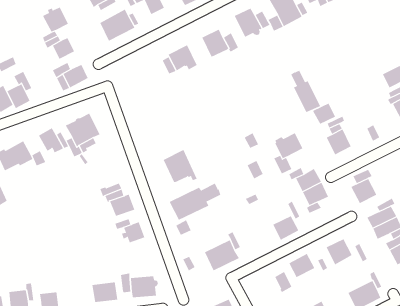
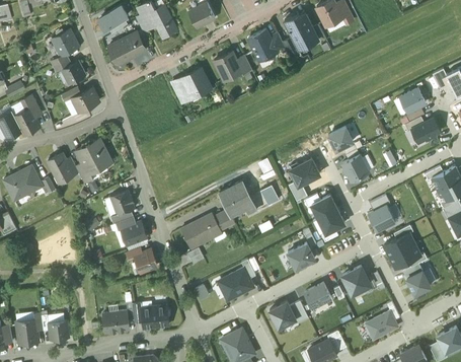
building: [291,70,321,113] -> none
building: [163,149,198,183] -> [220,182,255,216]
building: none -> [109,190,134,215]
building: none -> [268,301,295,331]

